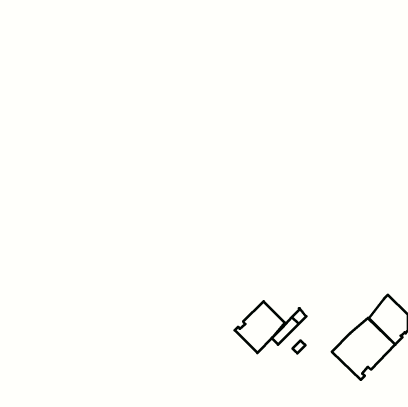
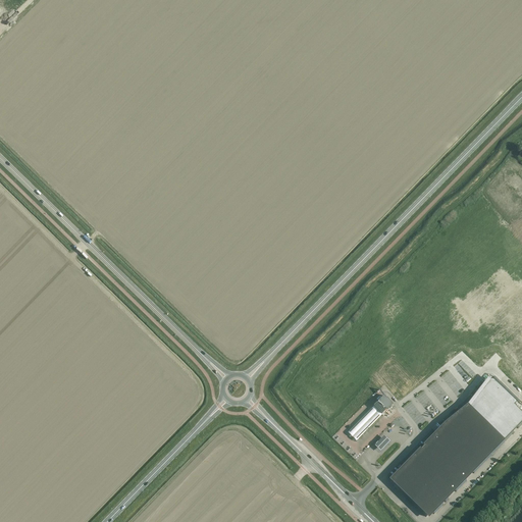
building: [235,301,285,353] -> none
building: none -> [393,448,459,514]

